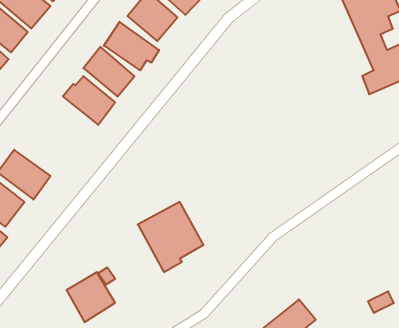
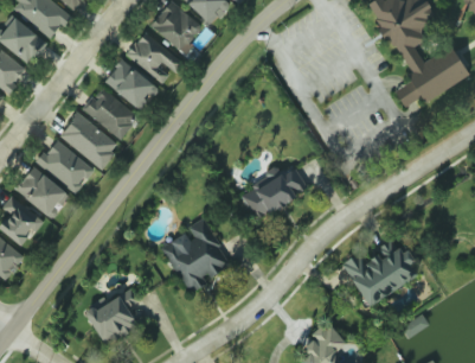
building: none -> [59,112,116,170]
building: none -> [37,139,94,193]
building: none -> [240,167,308,221]
building: none -> [342,238,418,306]

